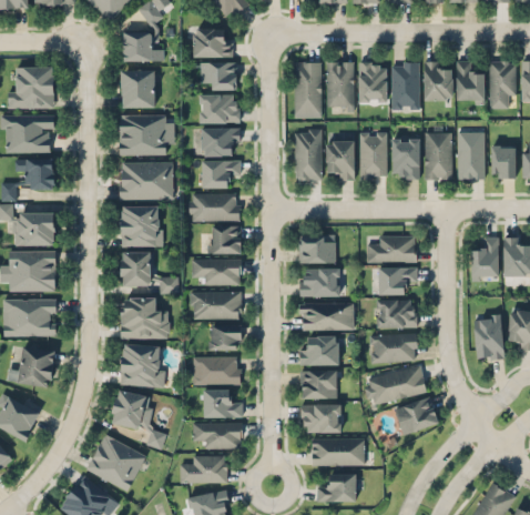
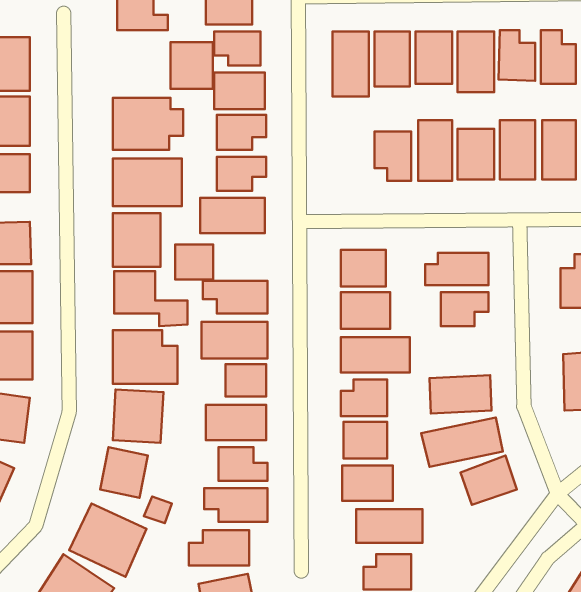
building: [121,70,154,107] -> [170,42,213,89]
building: [294,129,322,181] -> none
building: [211,225,241,253] -> [175,244,213,280]
building: [376,300,416,329] -> none

